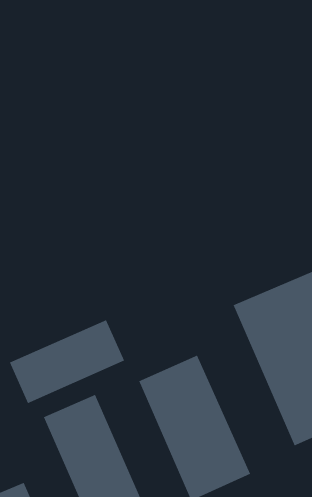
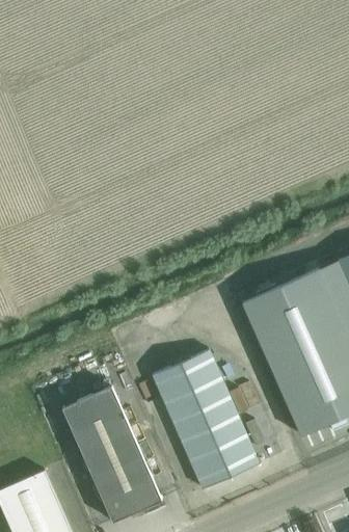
building: [9,319,125,404] -> none

